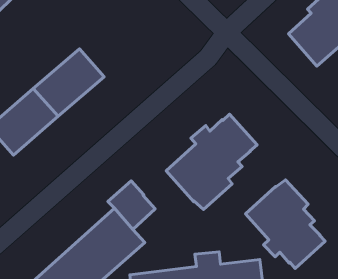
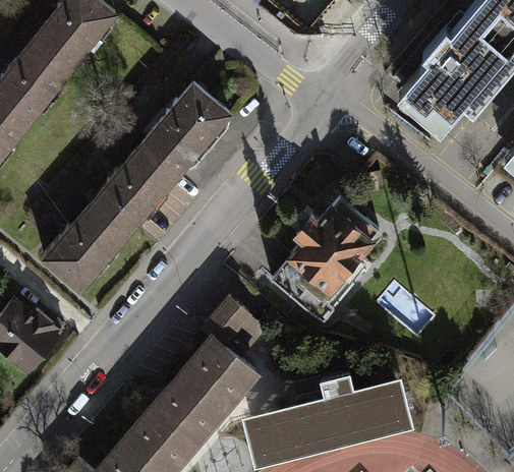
building: none -> [144,87,229,177]
building: [245,180,325,268] -> none

